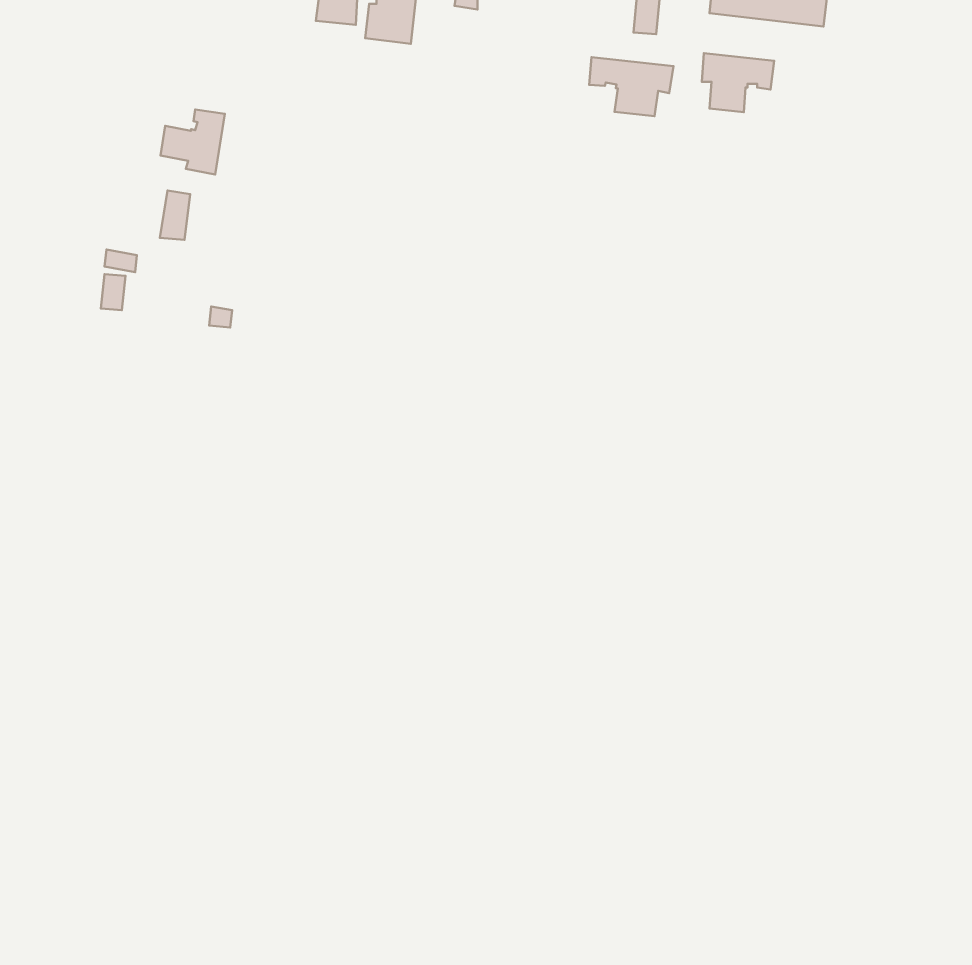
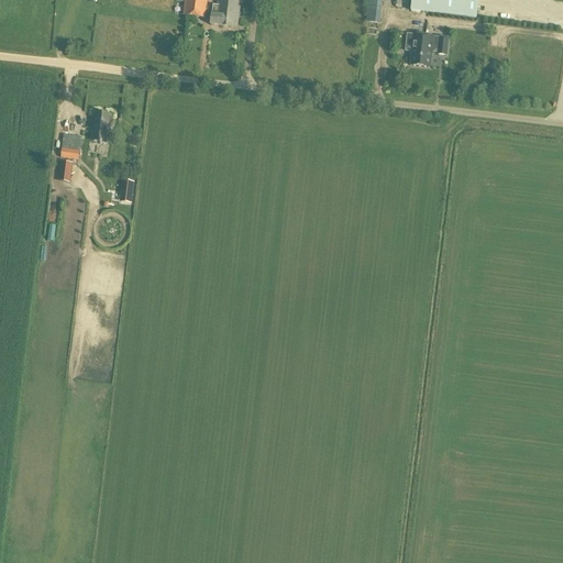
building: [589,57,673,116] -> none
building: [161,110,225,174] -> none

